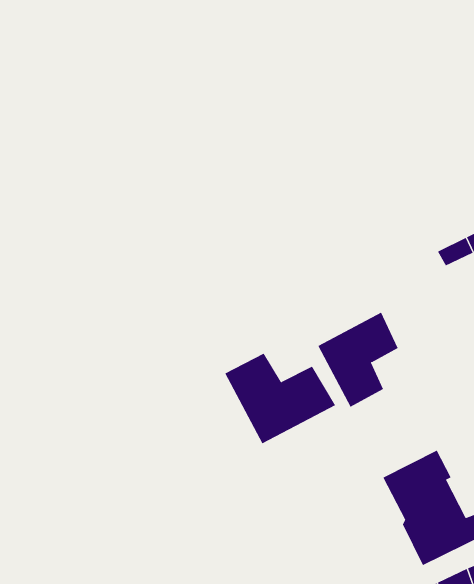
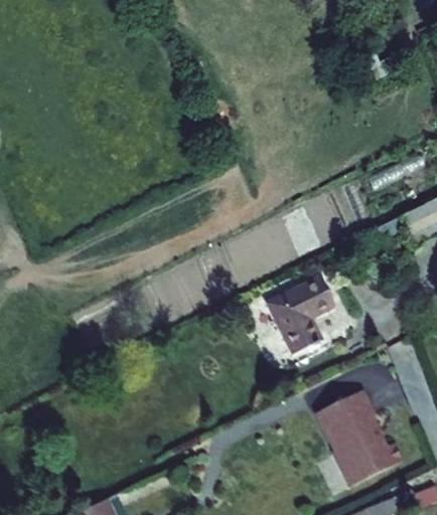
building: [225,353,336,444] -> none

